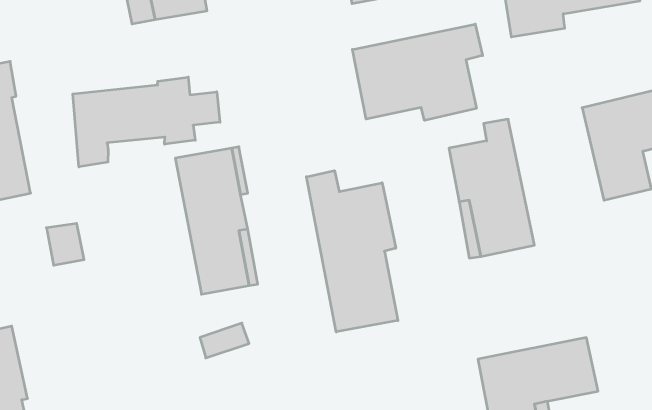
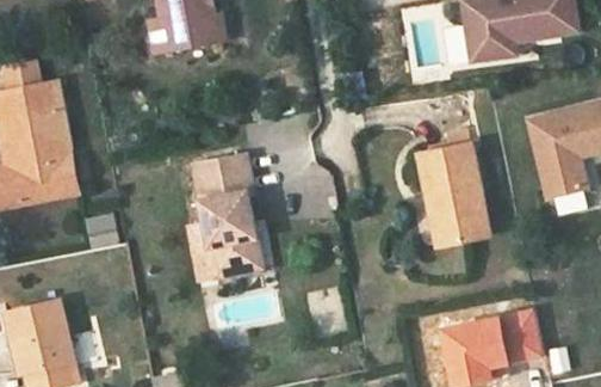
building: [352,24,483,120] -> none
building: [73,77,220,167] -> none
building: [306,171,398,332] -> none

